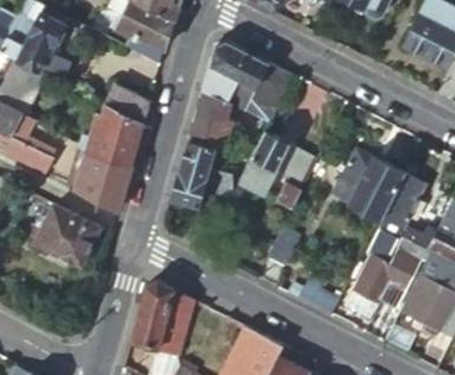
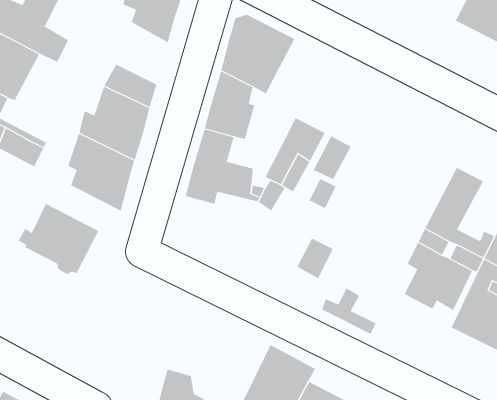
building: [243,62,295,146] -> none
building: [335,146,407,218] -> none
building: [132,282,197,354] -> none

